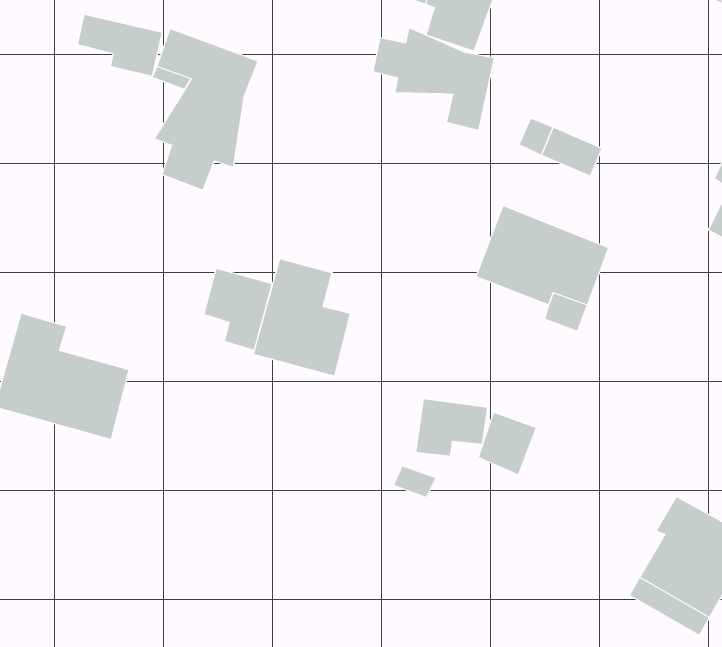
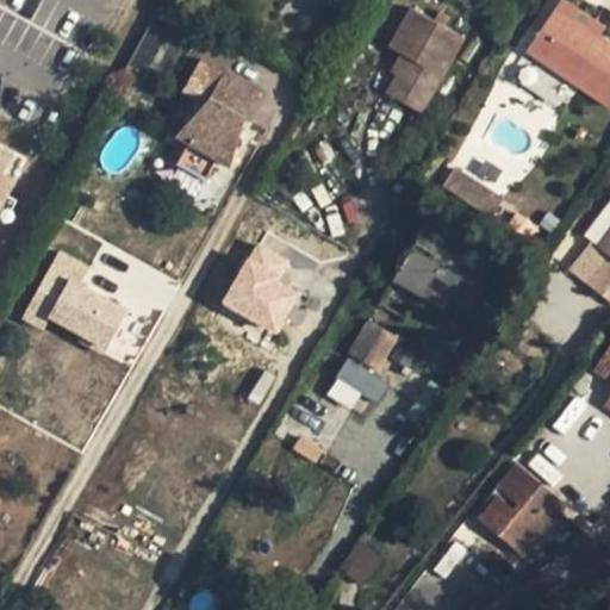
building: [78,14,162,77] -> none
building: [373,27,494,131] -> none
building: [204,268,272,350] -> none
building: [478,412,537,475] -> [350,322,397,371]

